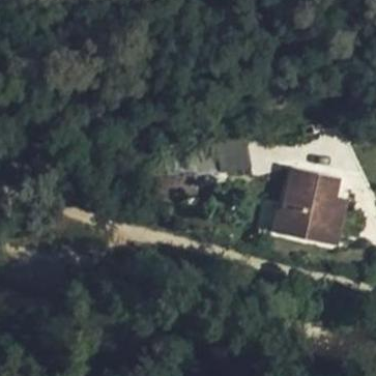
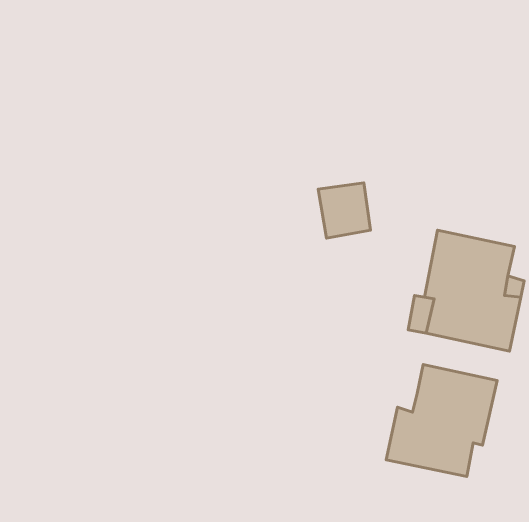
building: none -> [386,365,497,477]

